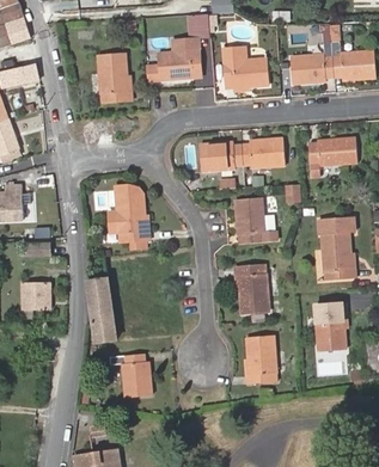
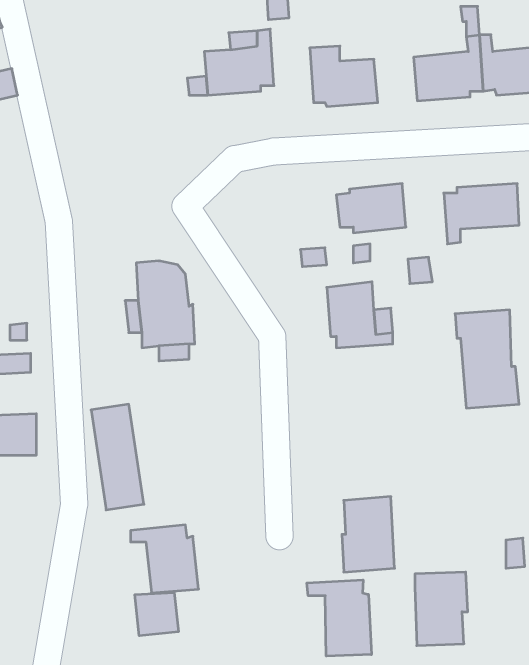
building: [96,54,133,102] -> none
building: [200,140,243,171] -> none
building: [233,264,270,312] -> none
building: [314,303,348,350] -> [415,572,468,646]
building: none -> [307,580,371,656]
building: none -> [135,592,178,636]

